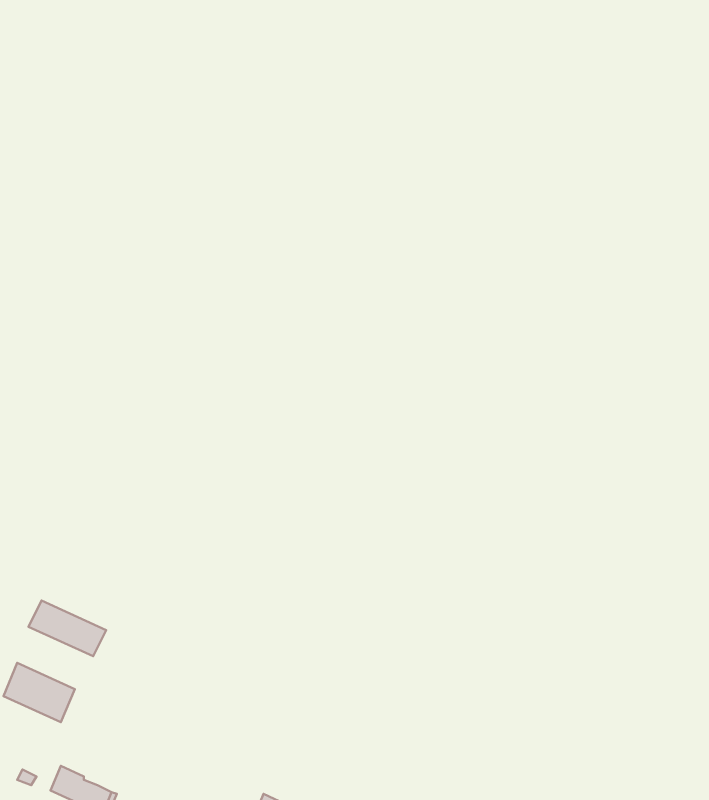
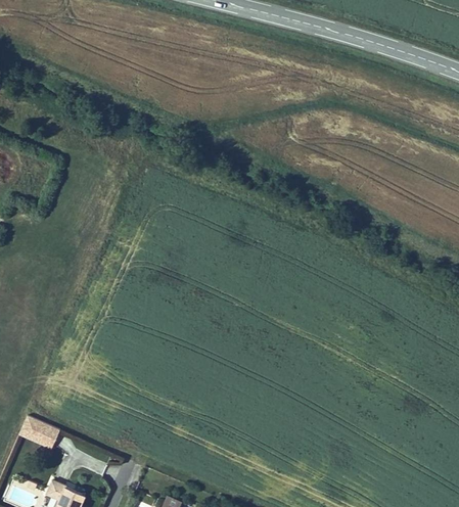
building: [28,601,106,656] -> none

